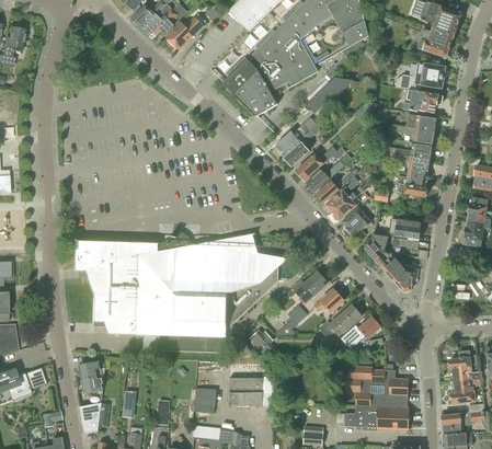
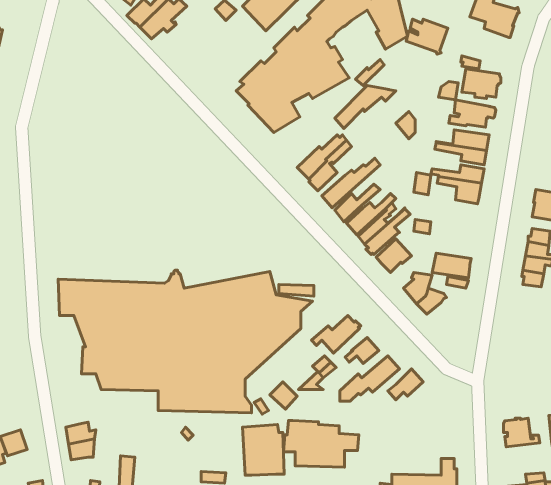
building: [165,16,202,48] -> none
building: [417,28,453,58] -> [406,19,448,54]
building: [397,173,426,196] -> none
building: [384,256,413,291] -> none
building: [344,366,408,405] -> [283,421,359,467]
building: [450,378,480,403] -> none

